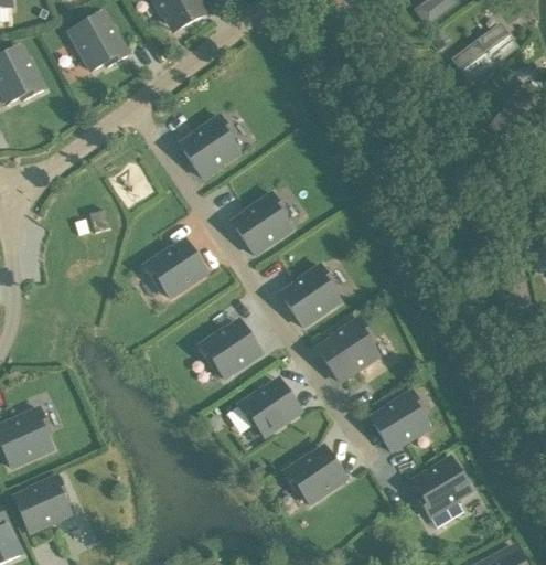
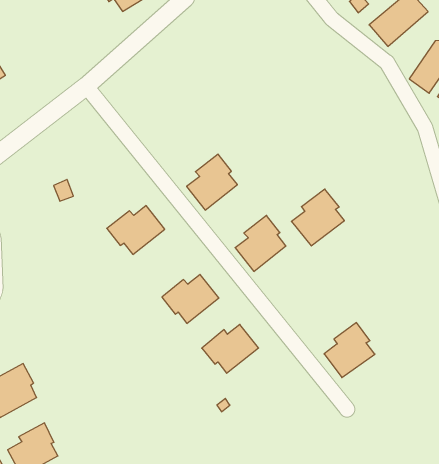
building: [69,13,128,68] -> none
building: [183,115,238,175] -> none
building: [324,321,383,383] -> [291,189,344,246]
building: [283,449,346,502] -> none
building: [413,456,468,515] -> none

